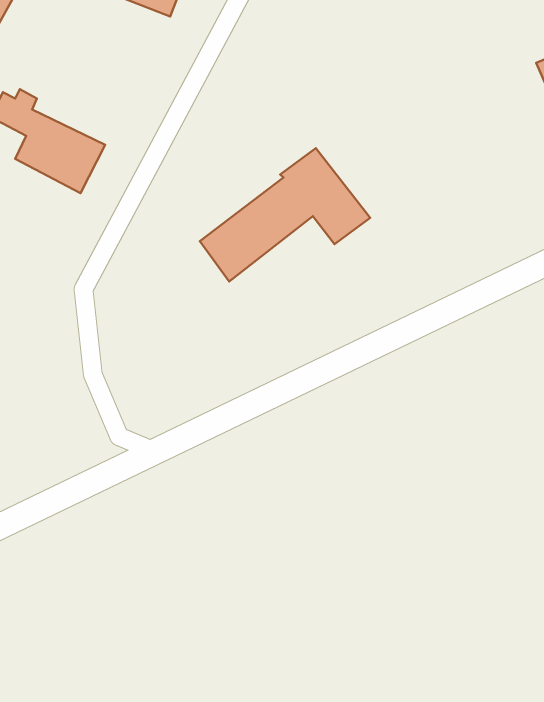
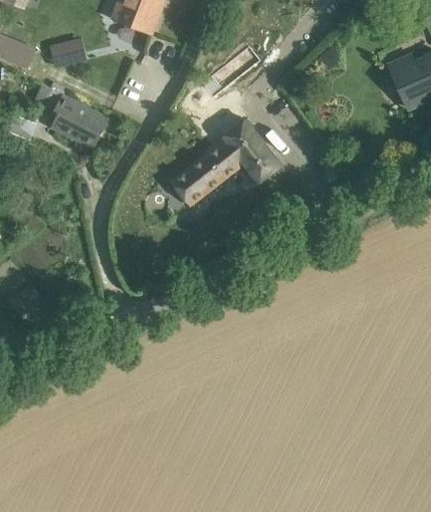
building: none -> [49,40,76,67]

